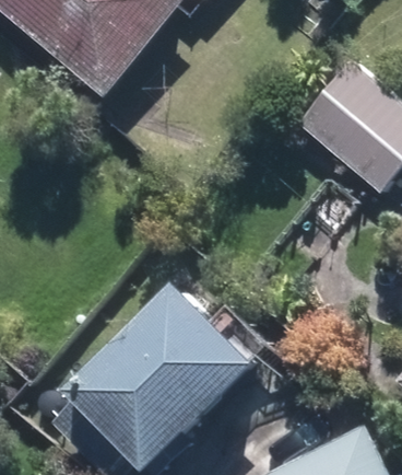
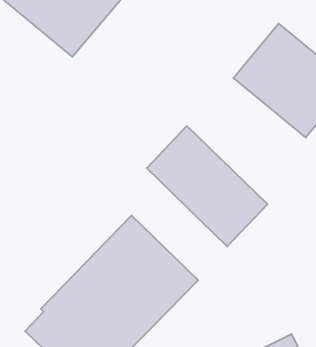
building: none -> [147,126,268,247]

